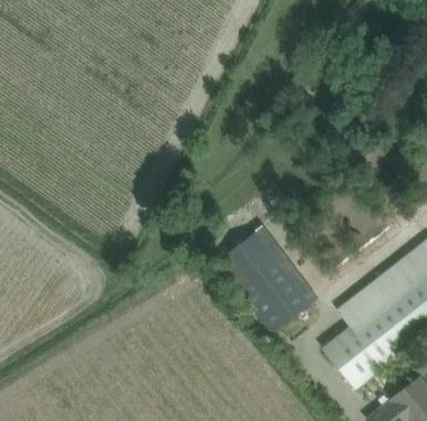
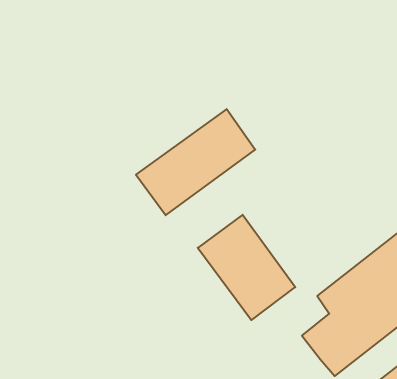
building: none -> [136,109,255,215]

